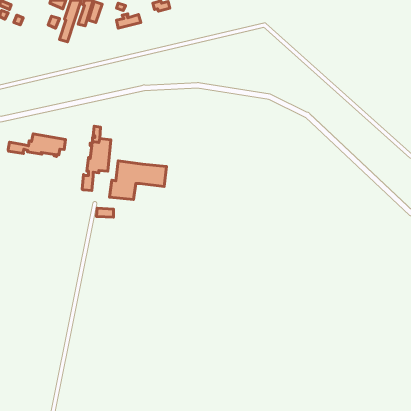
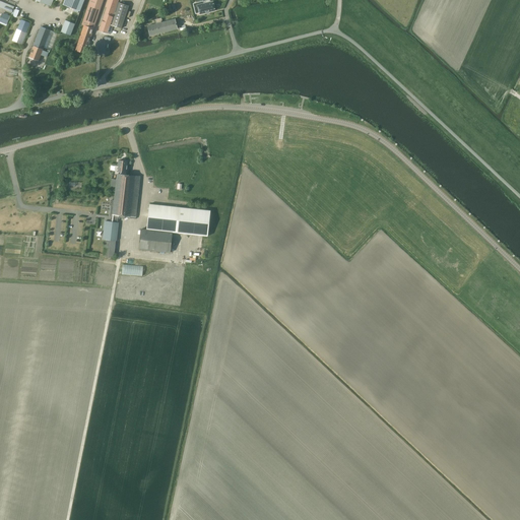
building: none -> [28,26,51,61]
building: [8,134,66,157] -> none

